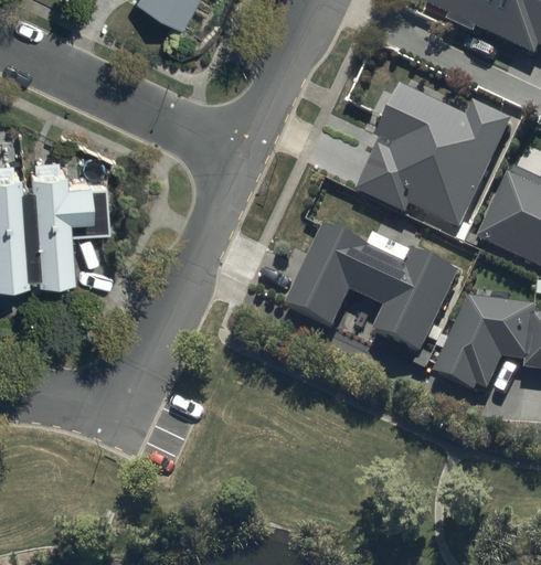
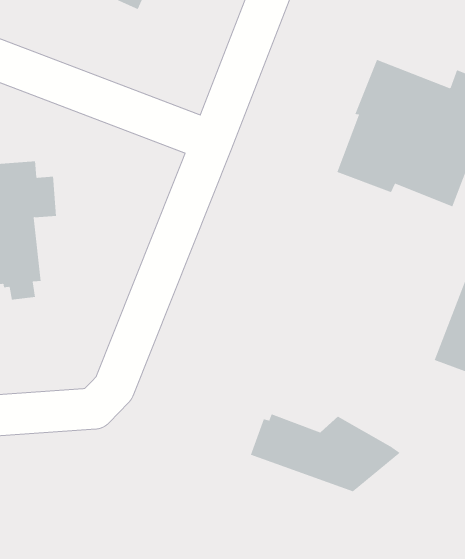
building: [286,222,458,351] -> none
building: none -> [250,414,401,492]

